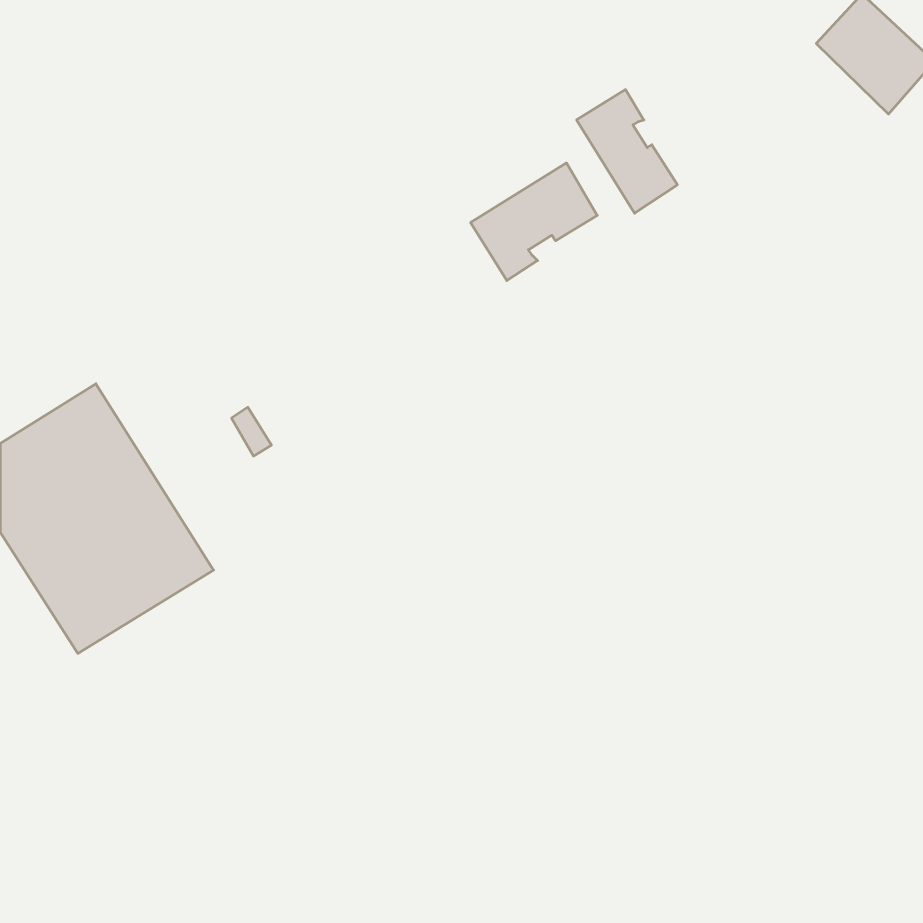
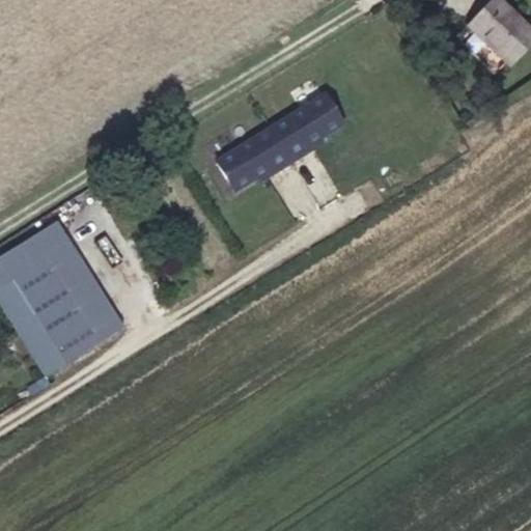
building: [577,90,677,213] -> none
building: none -> [216,128,291,192]

